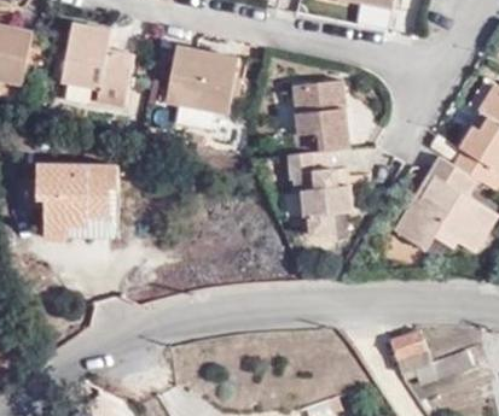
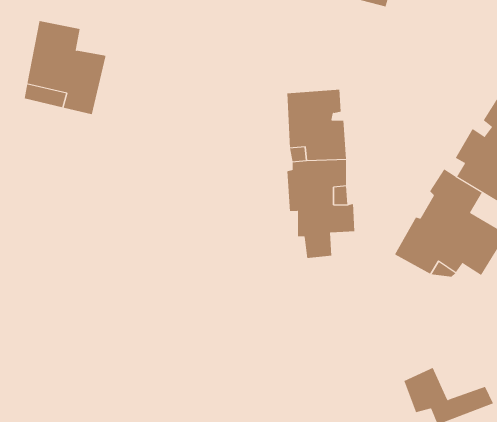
building: [164,46,236,113] -> none
building: [43,163,126,225] -> none

